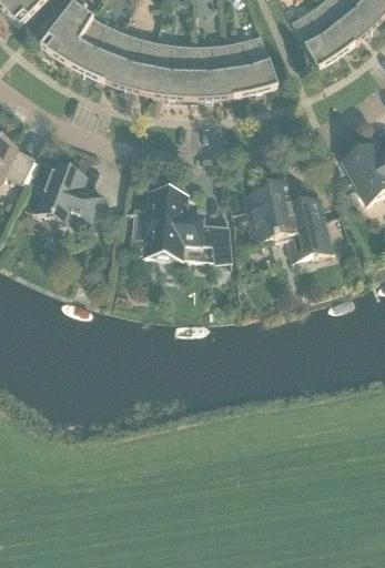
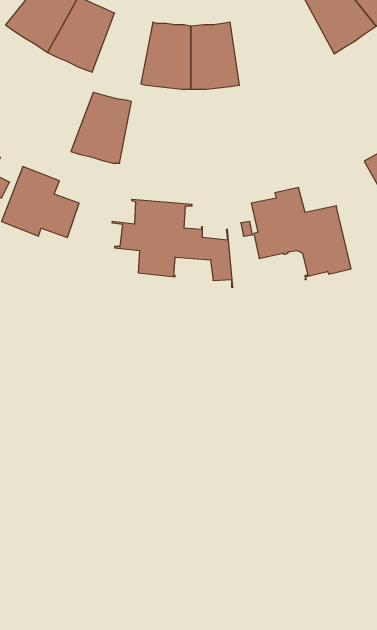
building: [111,33,162,93] -> [71,92,131,163]
building: [227,33,276,94] -> none

